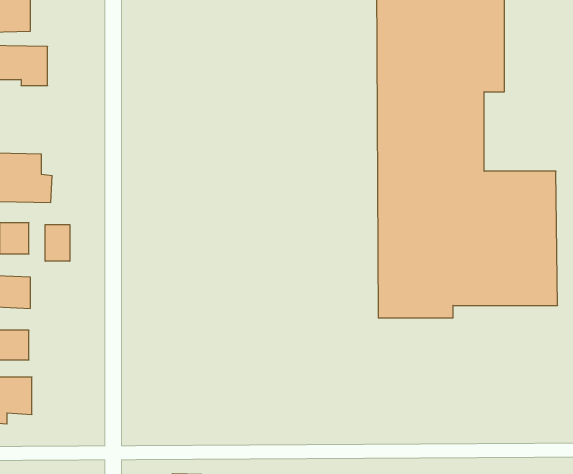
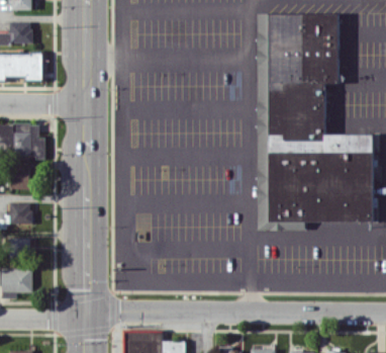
building: [45,225,70,261] -> none

